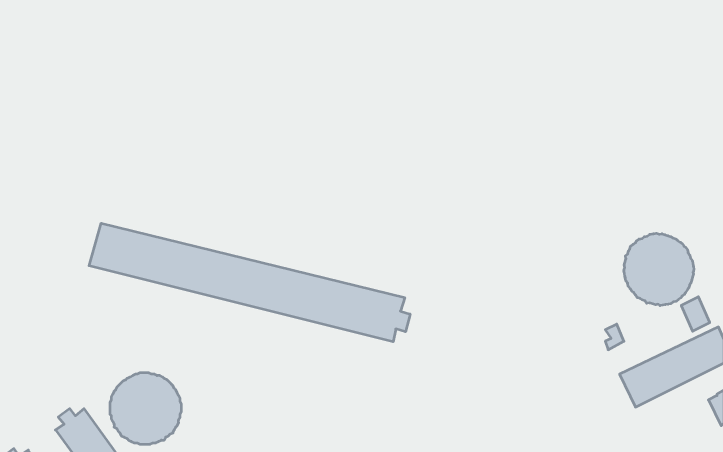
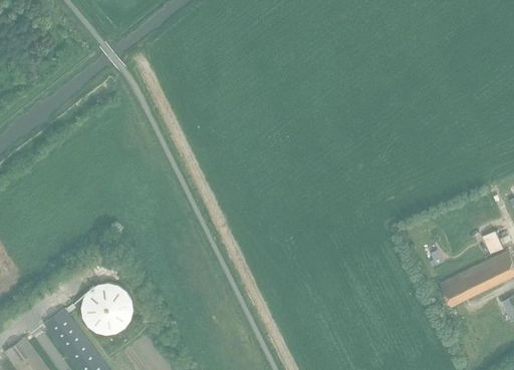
building: [89,223,410,342] -> none
building: [624,233,694,306] -> none

